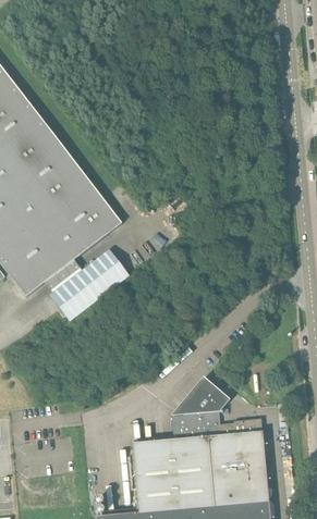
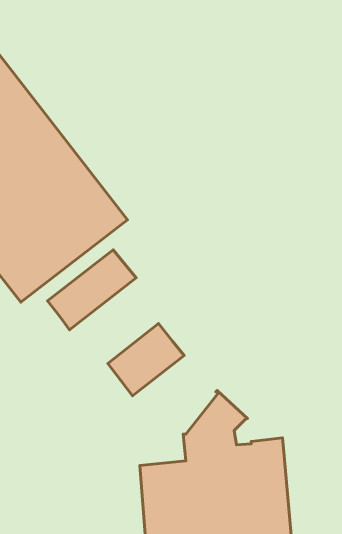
building: none -> [108,324,184,396]

